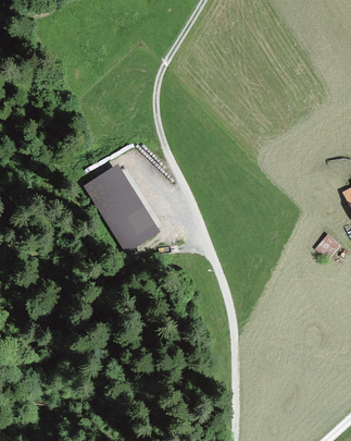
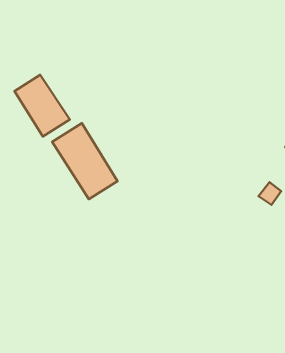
building: none -> [14,75,70,136]

